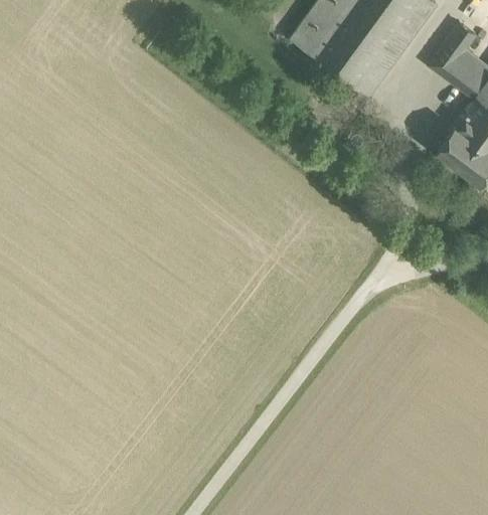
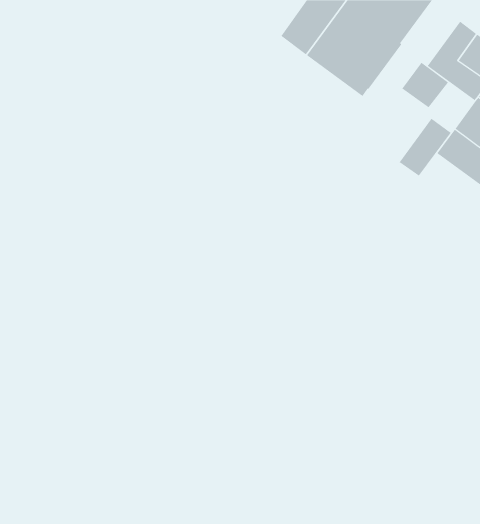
building: none -> [401,62,449,108]
building: none -> [399,118,452,176]

